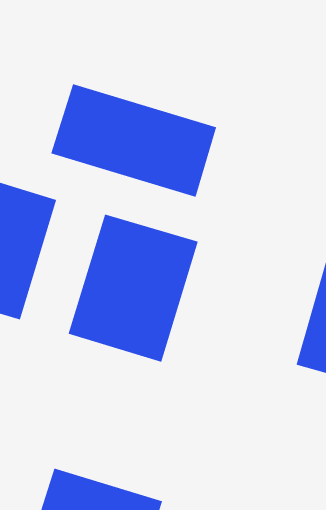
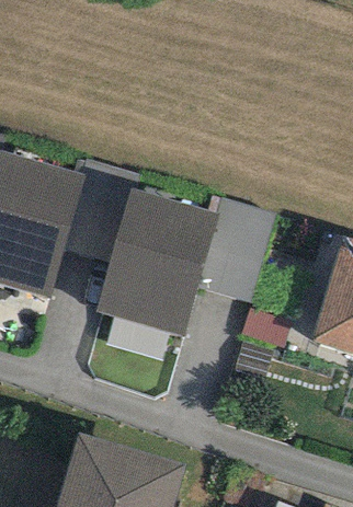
building: [50,83,217,198] -> none

